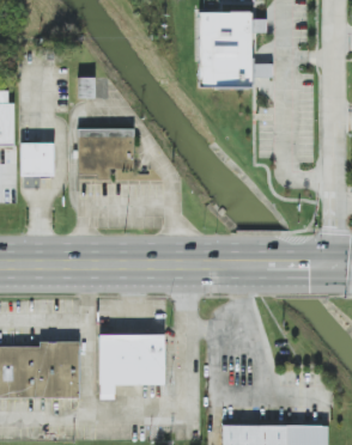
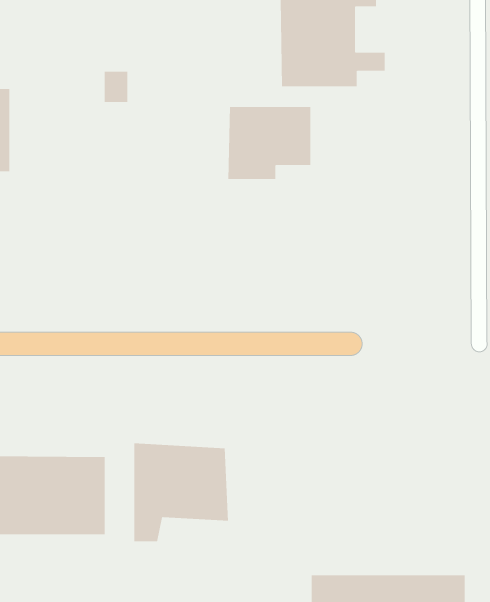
building: [75,128,133,178] -> [228,107,311,179]
building: [19,142,53,176] -> none

